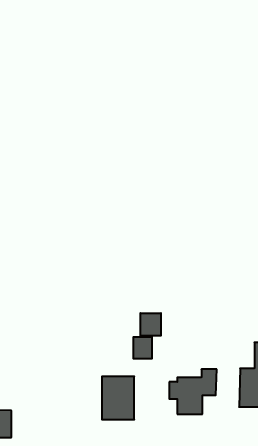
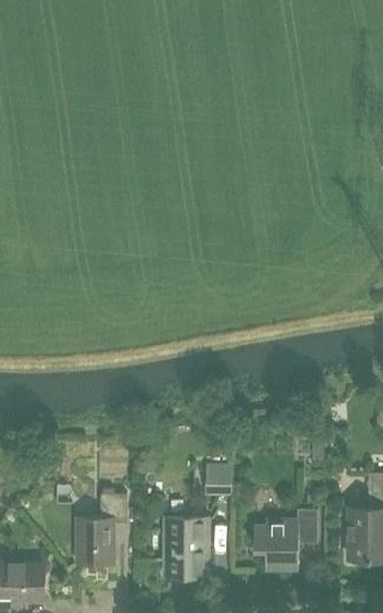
building: [140,313,161,336] -> none
building: none -> [75,493,126,563]

